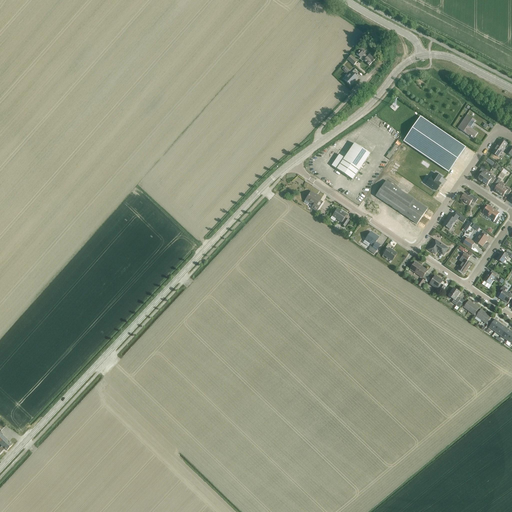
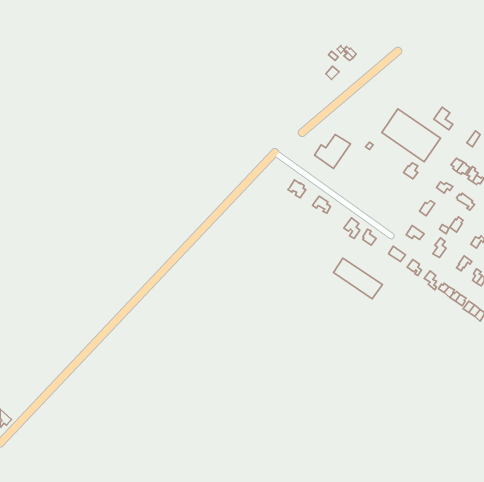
building: [376,179,428,222] -> [333,258,383,299]

